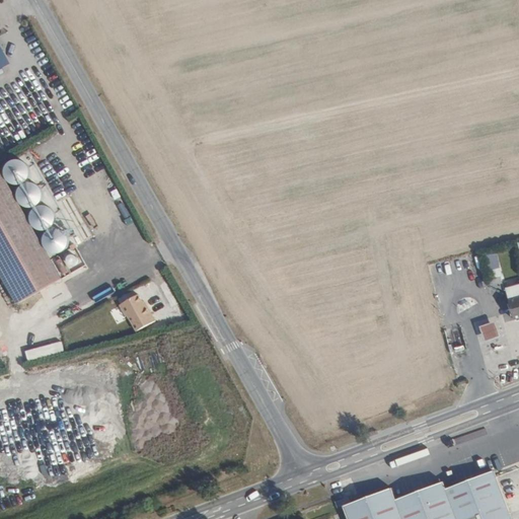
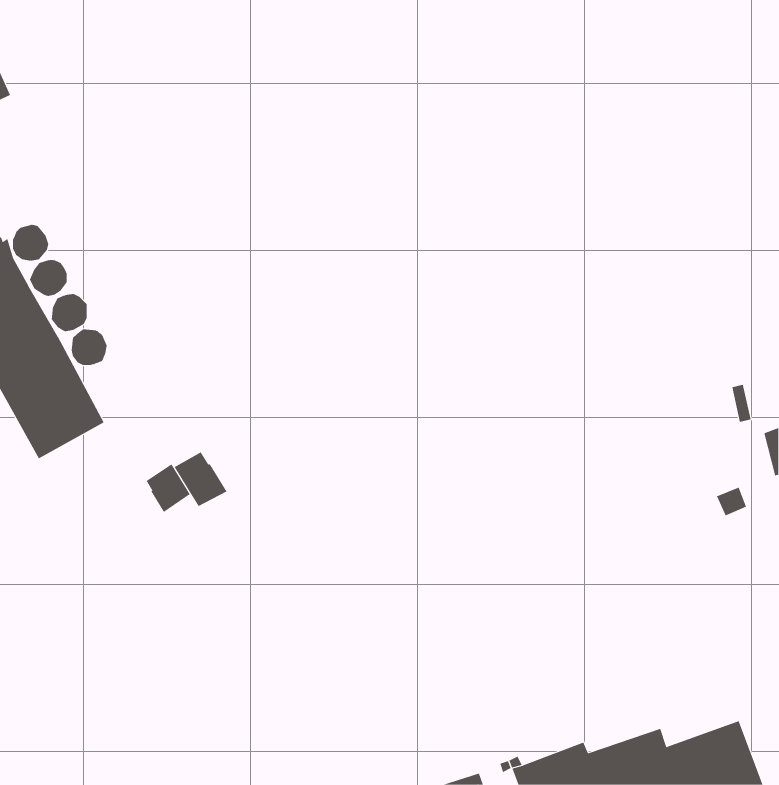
building: none -> [146,464,190,513]

